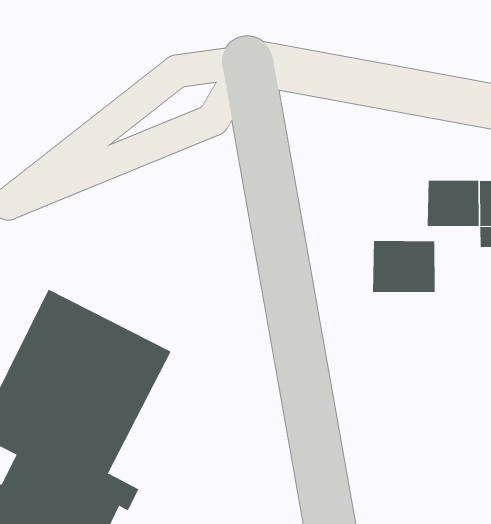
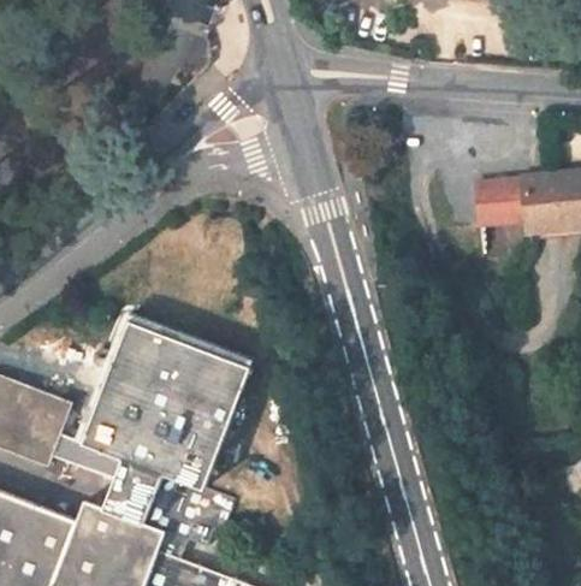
building: [372,240,435,293] -> none

